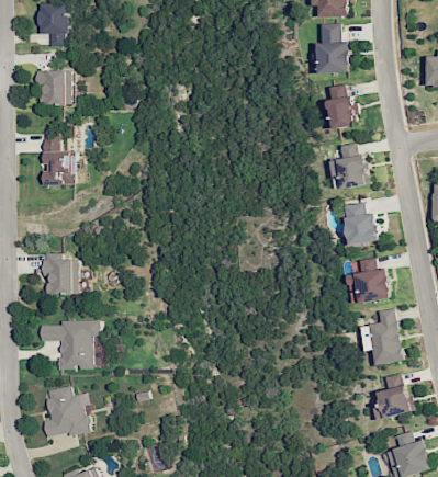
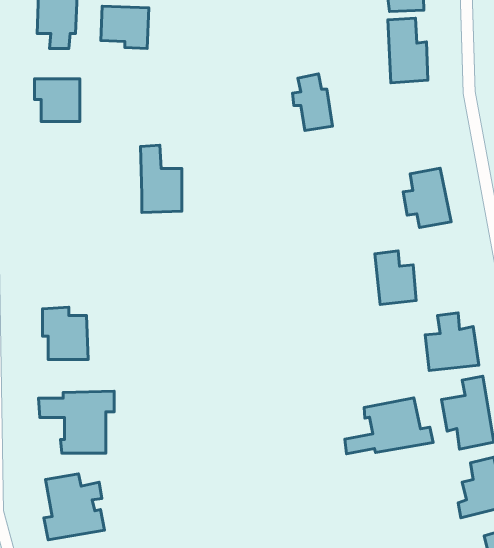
building: none -> [101,6,149,48]
building: [324,83,356,128] -> [292,74,332,130]
building: [43,132,76,185] -> [141,145,182,212]
building: [345,202,378,245] -> [375,251,416,305]
building: none -> [345,398,433,454]

